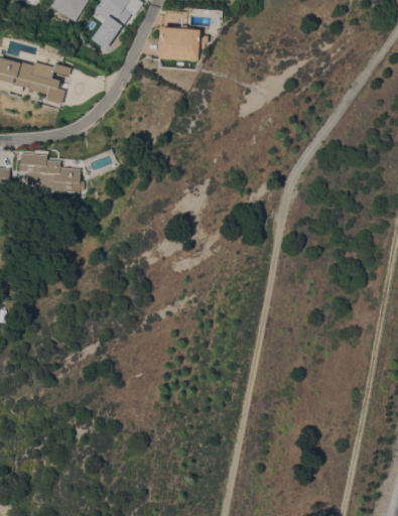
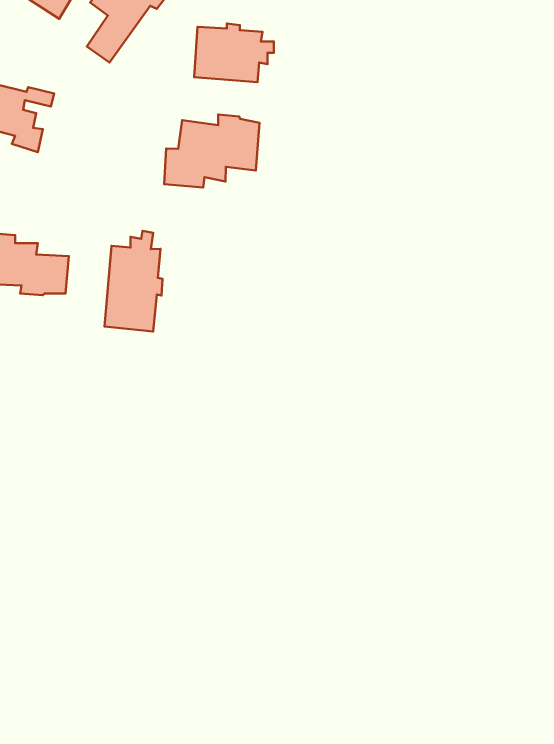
building: none -> [164,114,260,188]
building: none -> [104,231,162,332]

